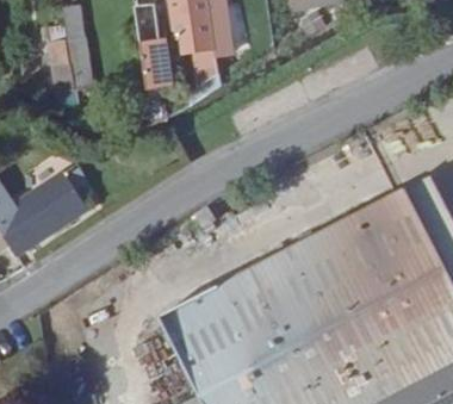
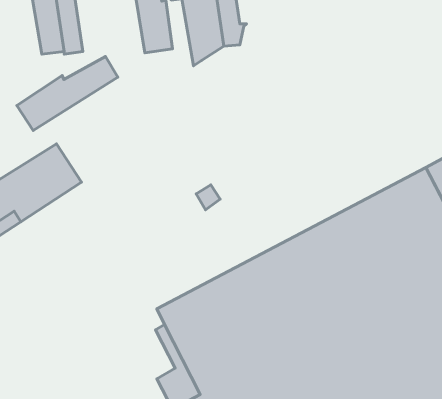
building: none -> [17,56,118,130]

